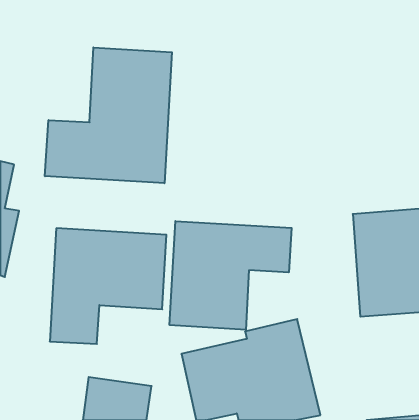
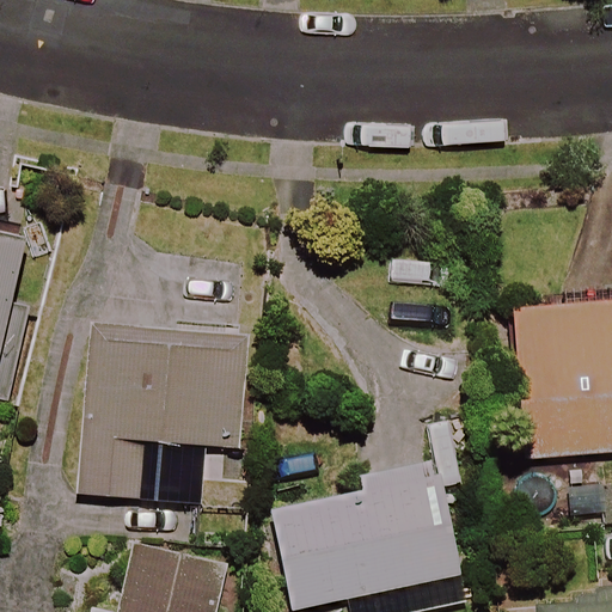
building: [45,47,172,183] -> none
building: [170,221,292,330] -> none

